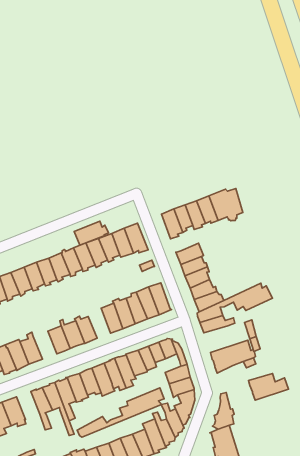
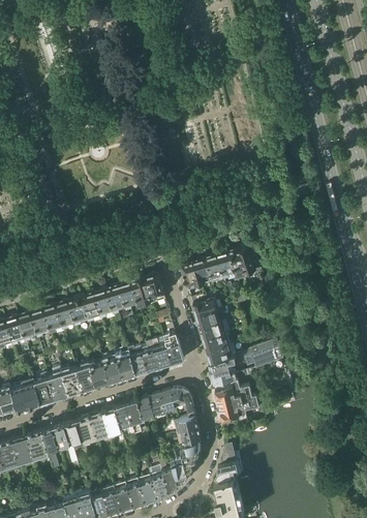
building: [74,221,108,245] -> none
building: none -> [102,355,123,384]
building: none -> [48,368,69,400]
building: [248,373,288,400] -> [214,380,252,405]
building: [77,388,164,437] -> none
building: none -> [27,431,49,459]

